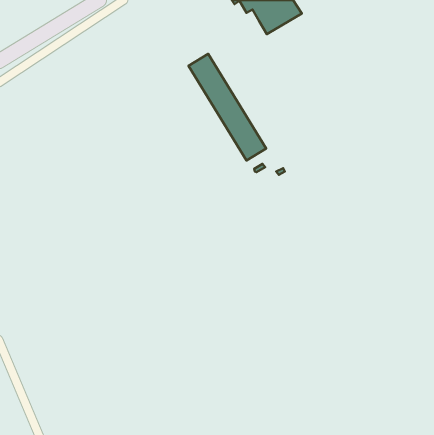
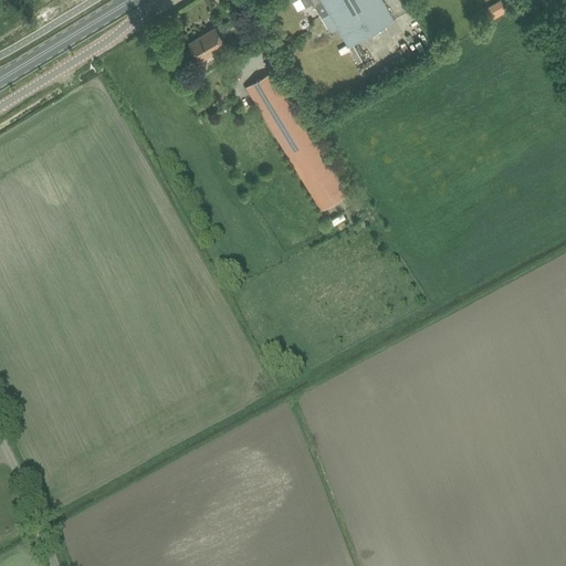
building: none -> [188,28,224,70]

